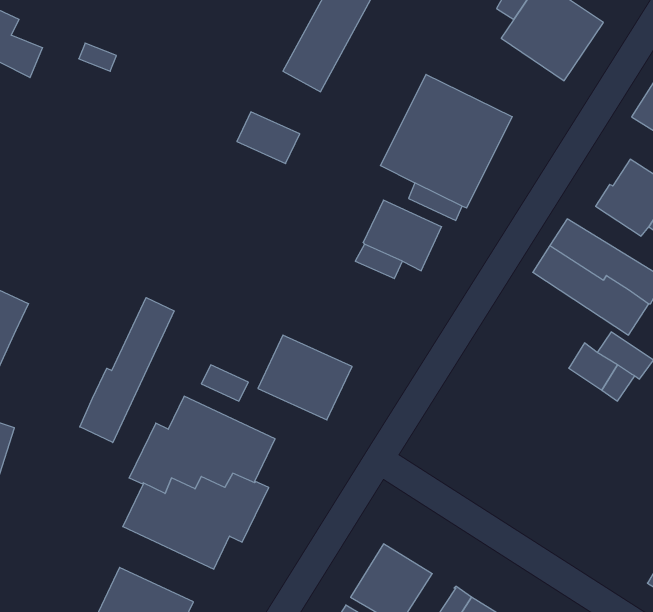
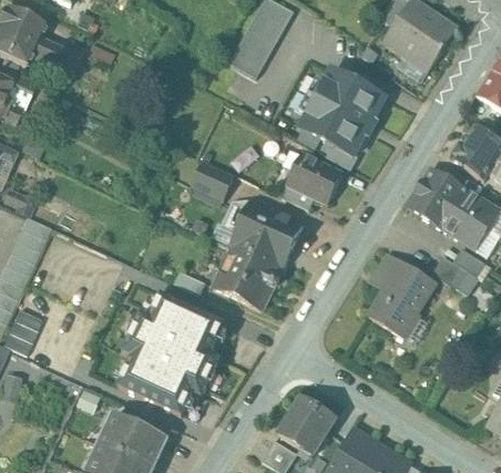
building: [237,112,300,164] -> [191,166,235,203]
building: none -> [231,202,303,271]
building: [80,298,174,443] -> none
building: none -> [369,253,436,335]

